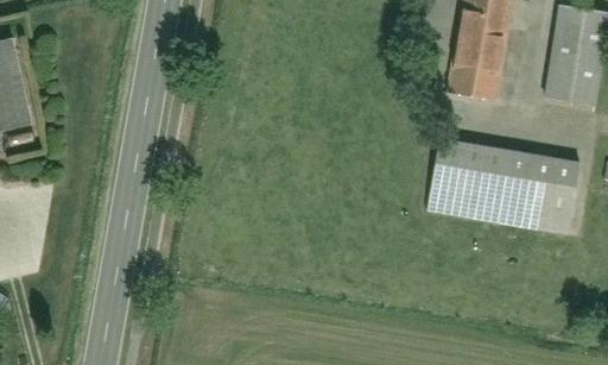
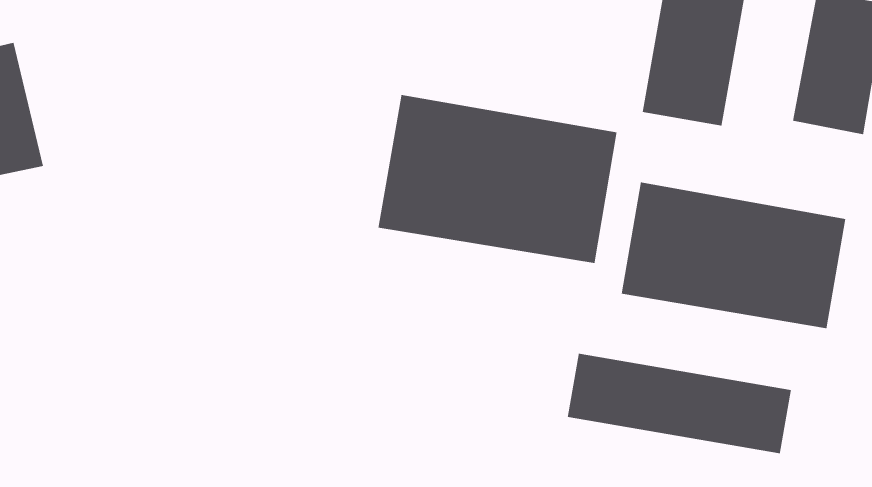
building: none -> [378,94,617,264]
building: none -> [567,353,791,454]

